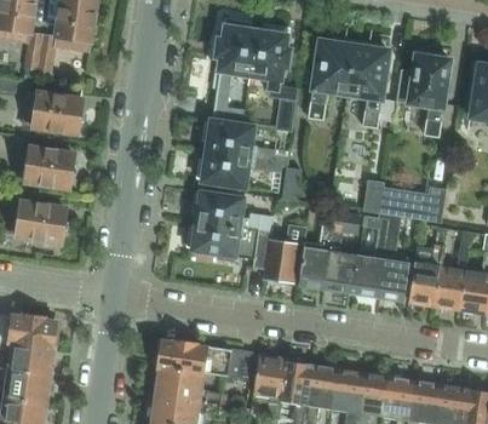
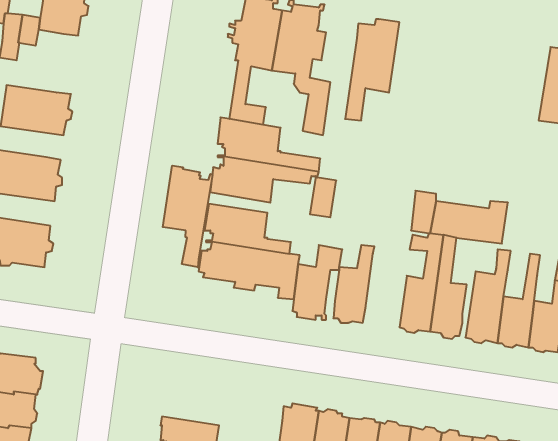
building: [345,40,389,128] -> none
building: [396,48,450,137] -> none
building: none -> [163,166,212,267]
building: [323,210,361,293] -> none
building: [156,339,254,380] -> none

